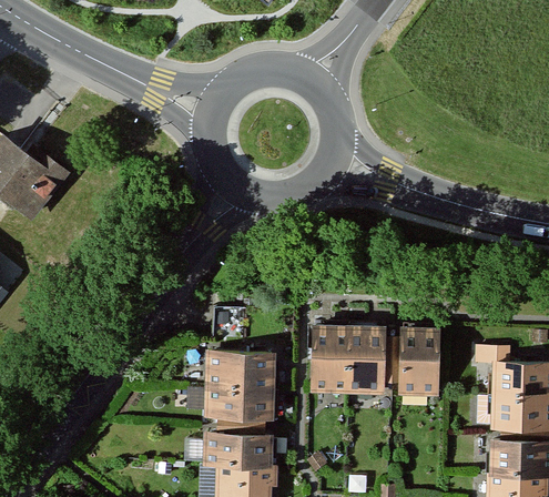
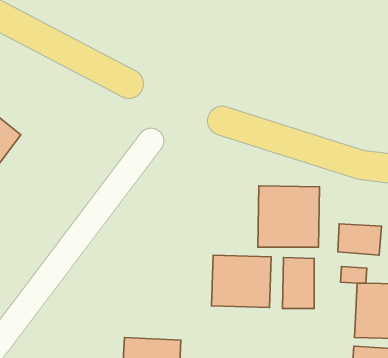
building: none -> [258,186,319,247]
building: none -> [338,224,381,255]
building: [203,351,275,422] -> none

